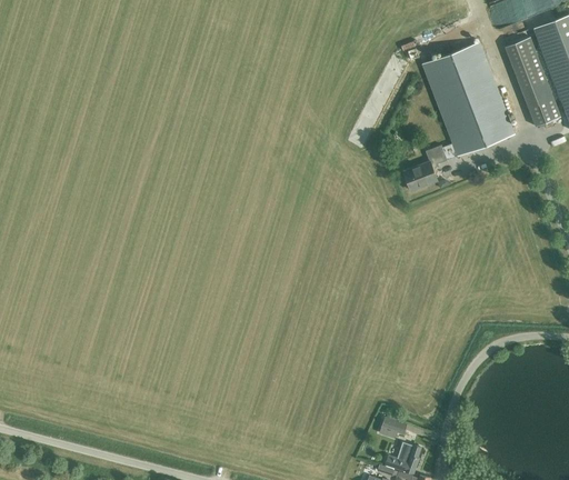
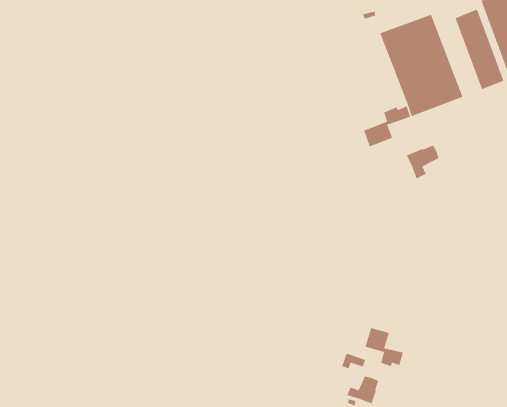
building: none -> [406,144,439,180]
building: none -> [365,327,404,367]

